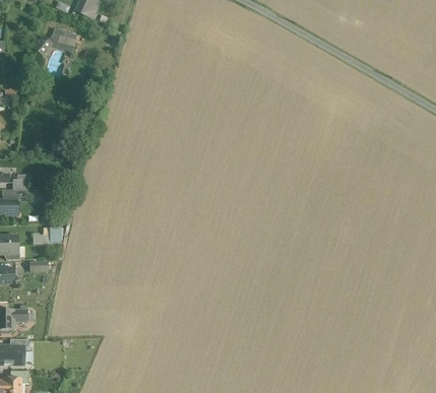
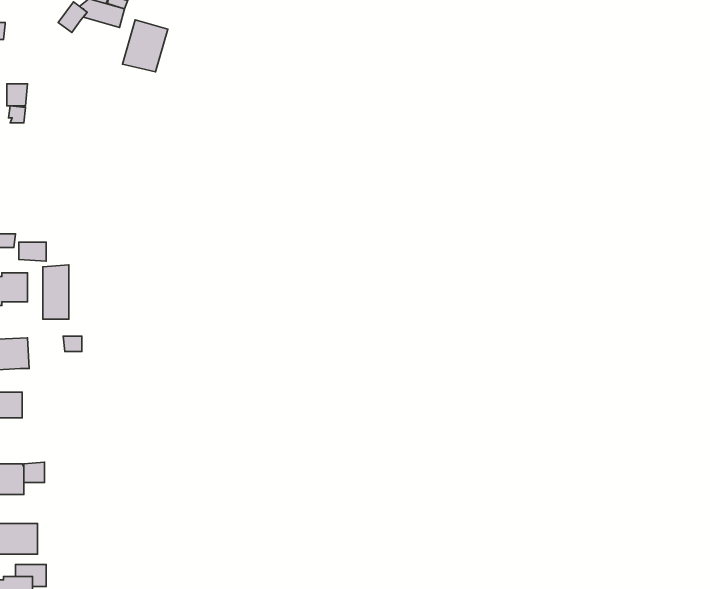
building: none -> [122,20,168,72]
building: none -> [43,265,69,319]

